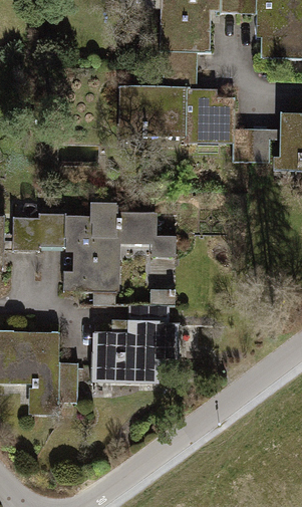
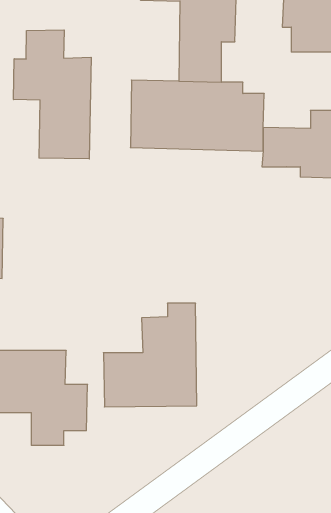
building: none -> [14,30,91,159]
building: [9,200,177,290] -> none

